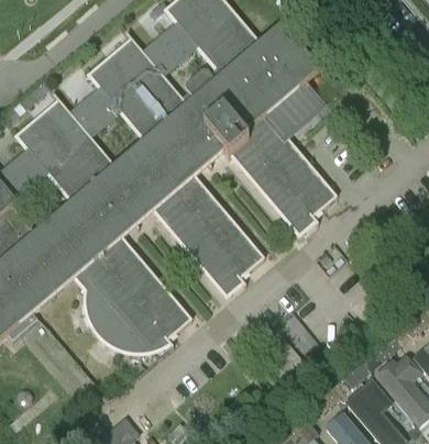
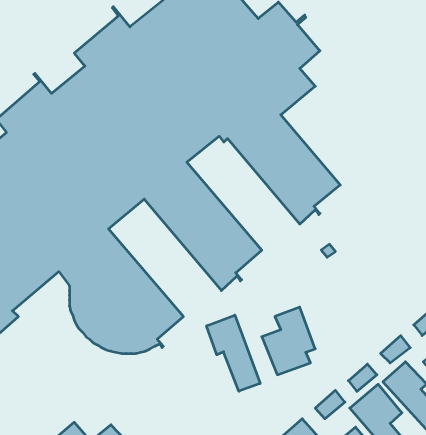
building: none -> [207,315,260,391]

